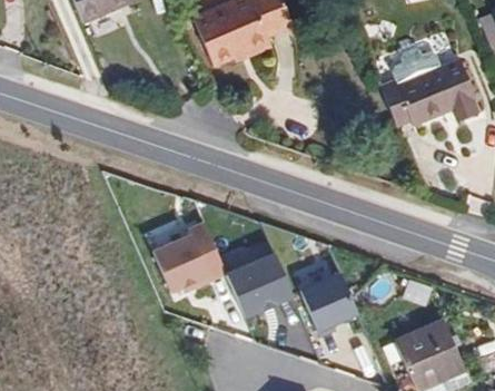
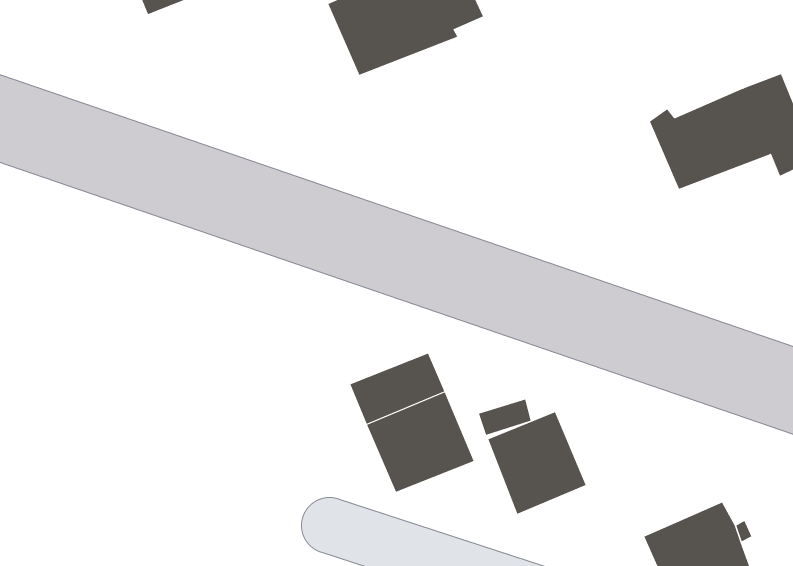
building: [404,51,451,86] -> none
building: [149,229,218,295] -> none

